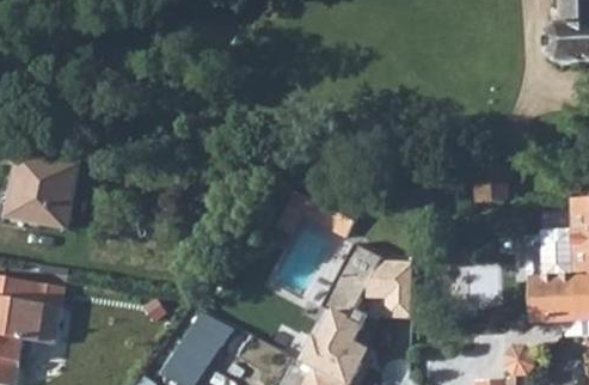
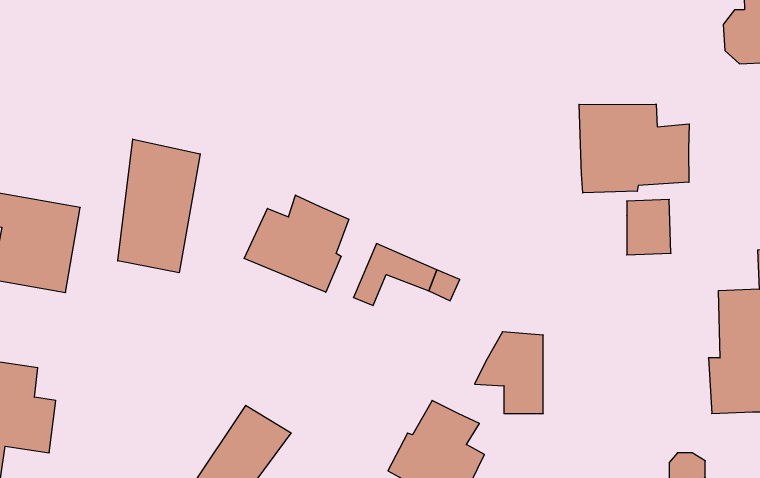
building: none -> [579,104,689,193]
building: none -> [118,139,200,273]
building: none -> [244,195,349,292]
building: [324,239,387,318] -> none

